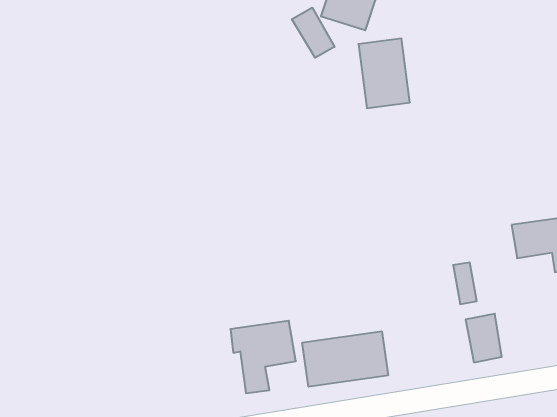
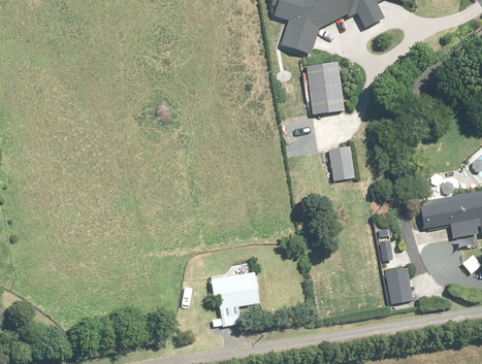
building: [292,8,335,58] -> none
building: none -> [328,146,354,180]
building: [302,331,388,387] -> none

